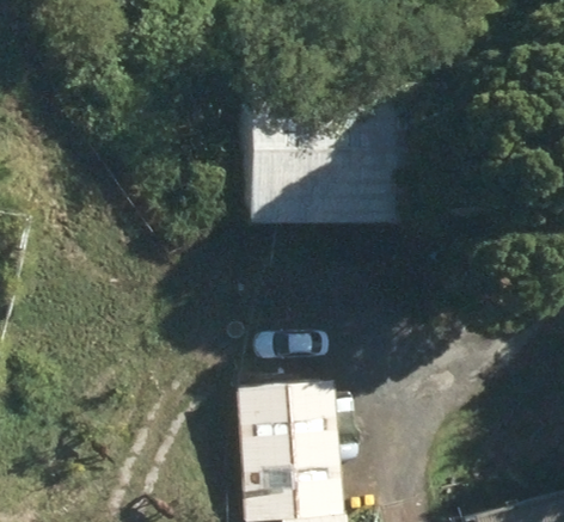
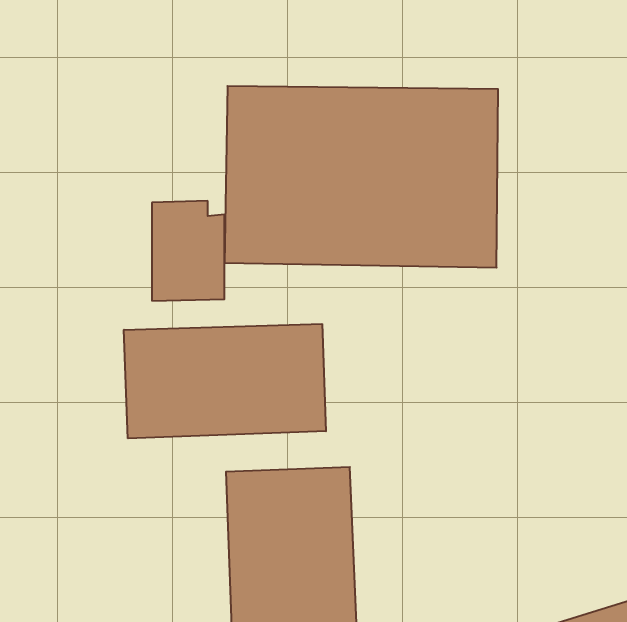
building: none -> [124,324,326,438]

